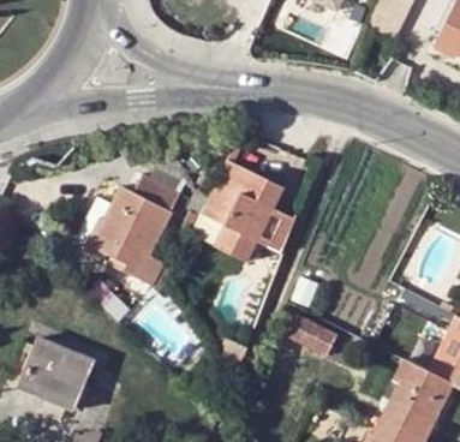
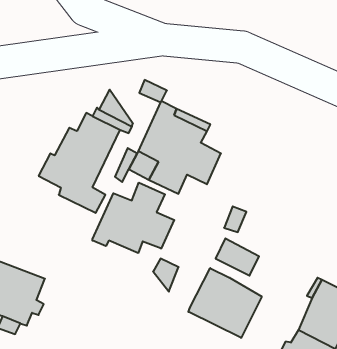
building: none -> [92,183,174,253]
building: none -> [188,268,262,338]

